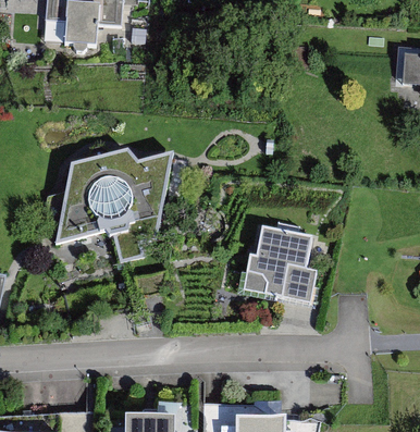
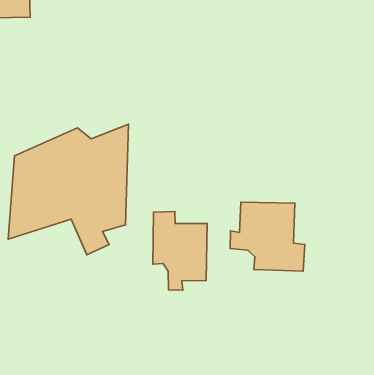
building: none -> [153,211,207,290]

